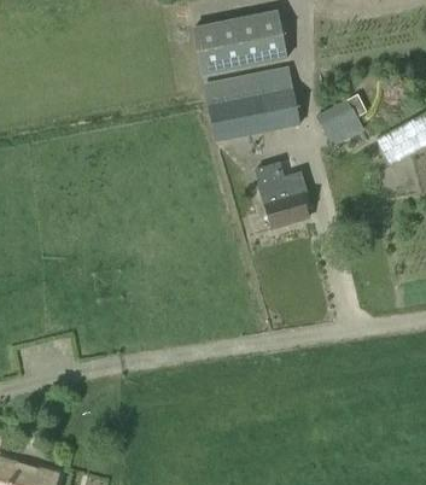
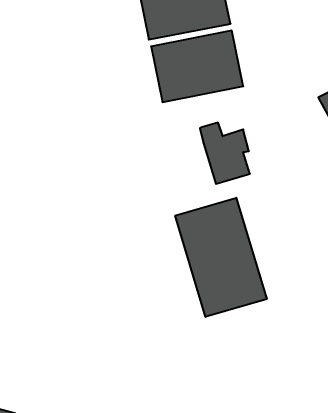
building: [316,98,364,145] -> none
building: none -> [175,198,267,317]

